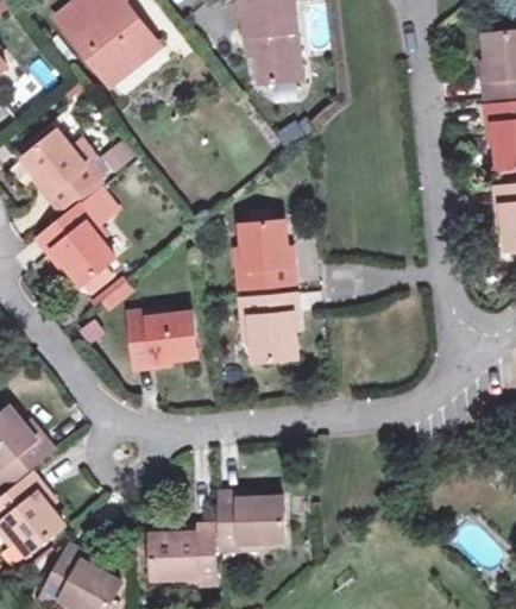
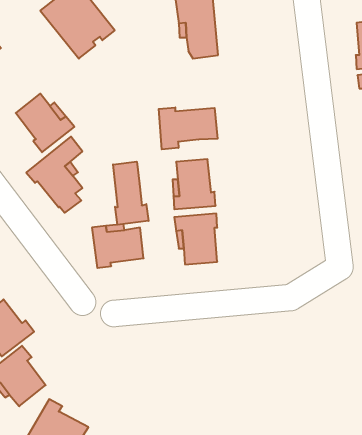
building: none -> [159,107,218,149]
building: none -> [113,162,149,225]
building: [219,491,284,550] -> none
building: [150,526,214,584] -> none

